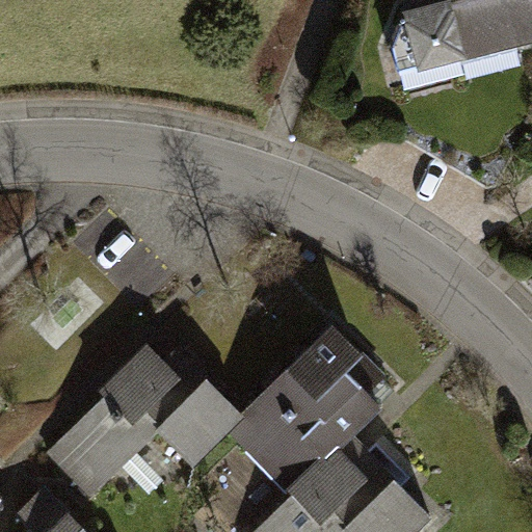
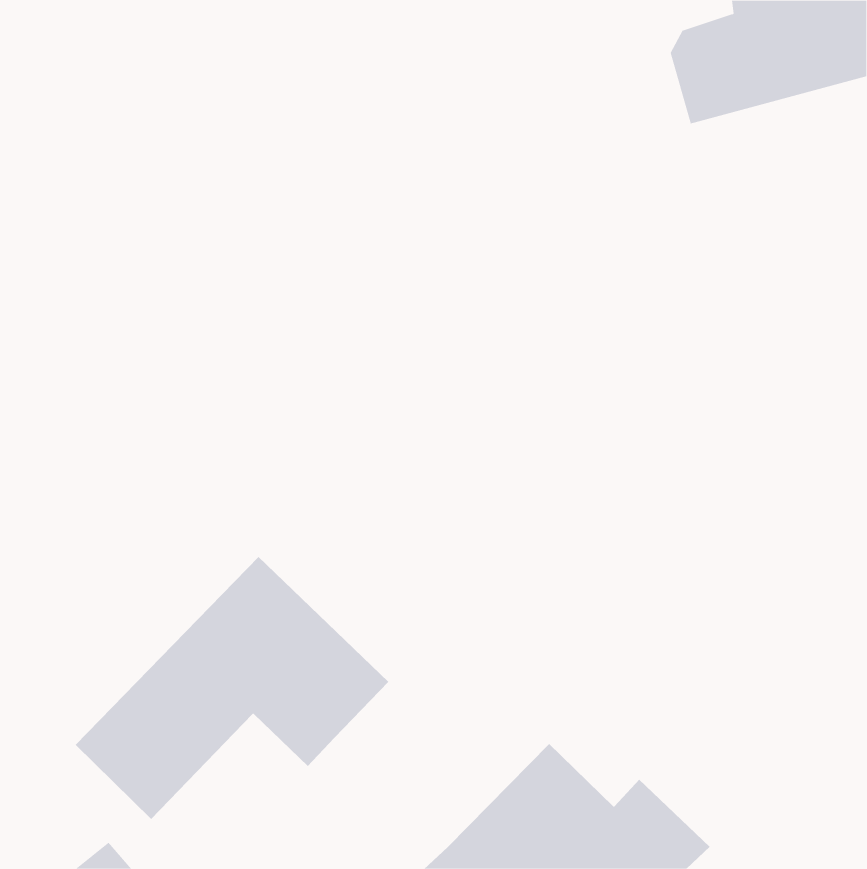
building: [205,322,376,517] -> none

